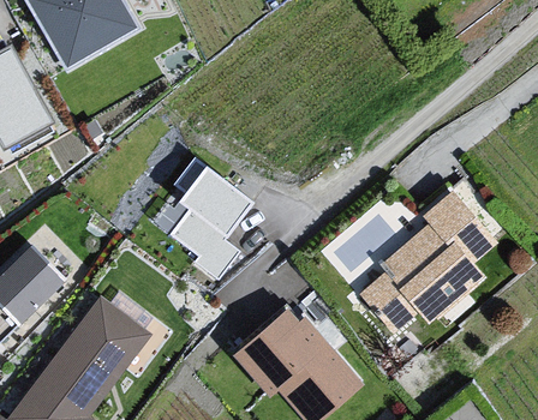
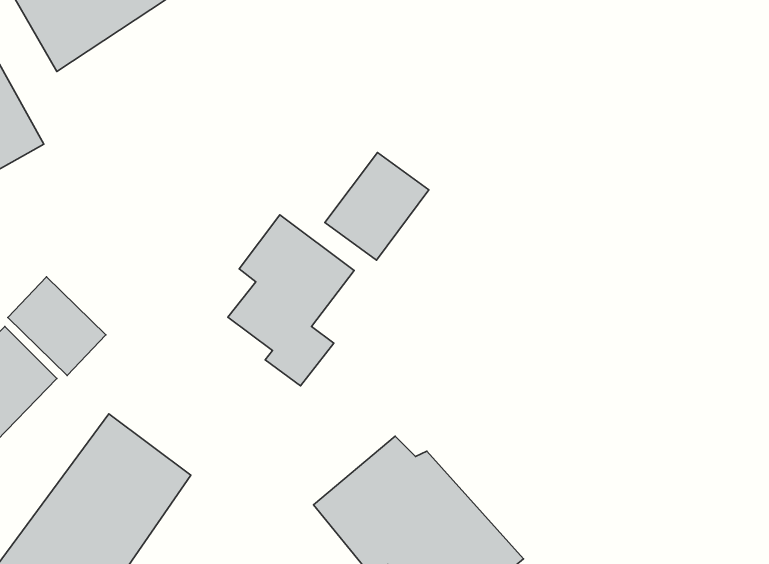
building: none -> [325,152,429,260]
building: [358,190,501,331] -> none
building: none -> [8,277,106,375]

